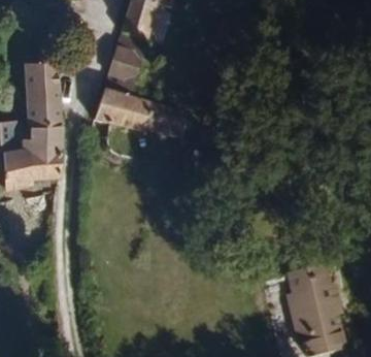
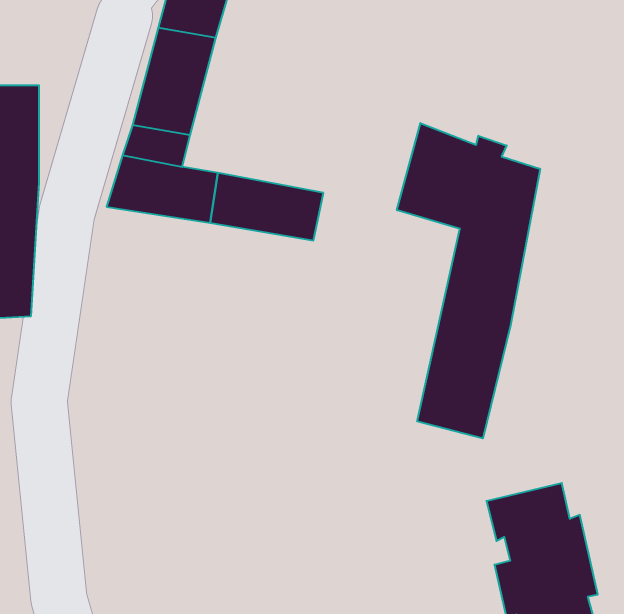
building: none -> [397,123,540,438]

